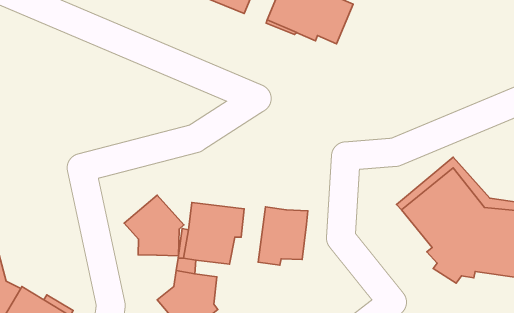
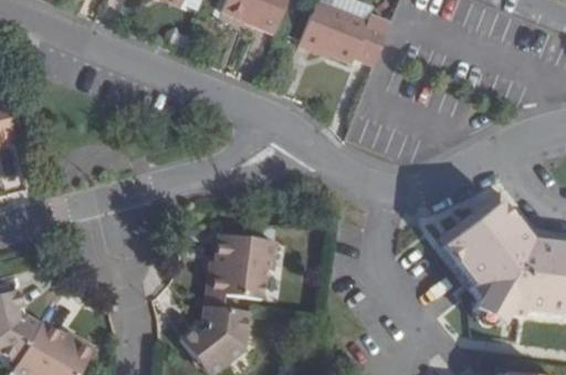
building: [124,195,184,256] -> none
building: [258,207,308,265] -> none

